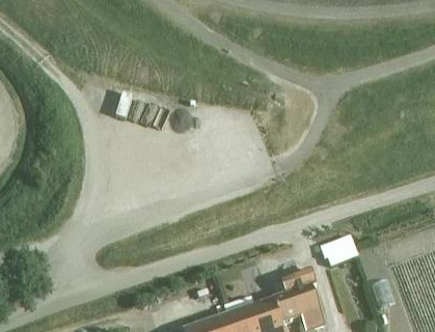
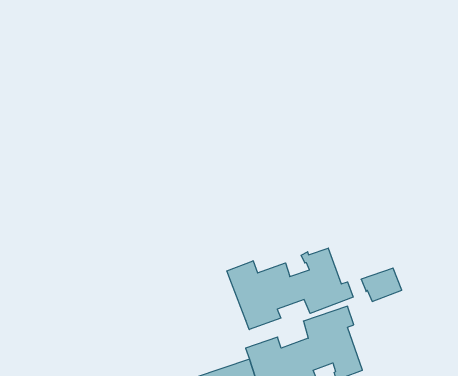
building: none -> [227,248,353,330]

